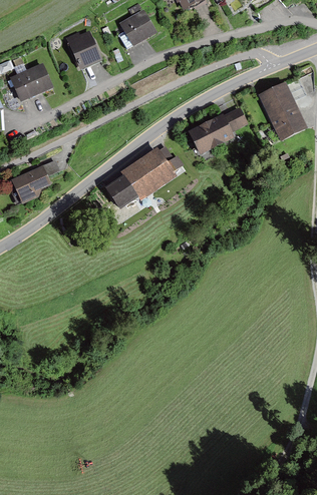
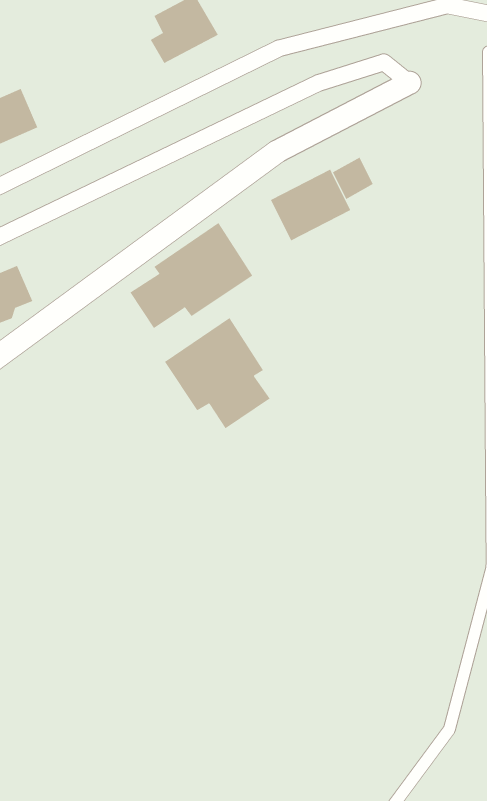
building: [66,33,101,70] -> none
building: [258,80,306,139] -> none
building: none -> [164,317,271,429]

